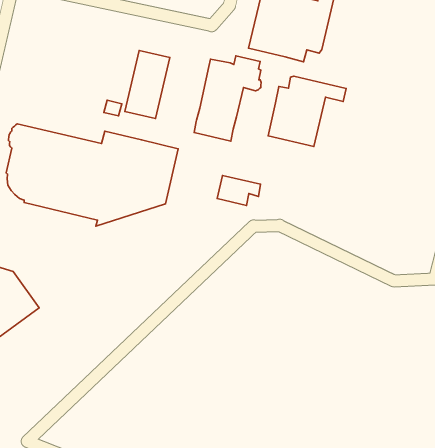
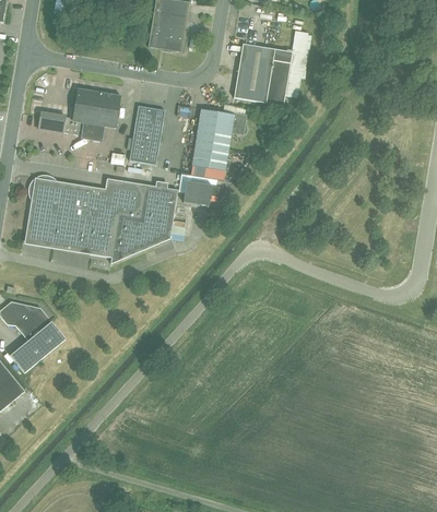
building: none -> [37,87,120,141]
building: [268,76,346,146] -> none
building: [217,175,261,206] -> [181,180,218,205]

